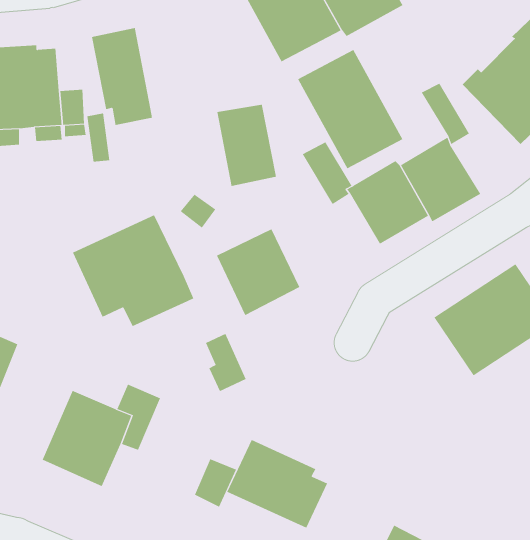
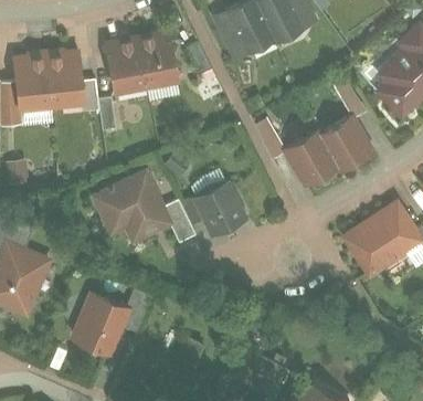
building: [297,49,403,169] -> none
building: [217,104,277,186] -> [134,31,176,88]
building: [205,333,246,392] -> [168,203,197,244]
building: [226,439,328,529] -> none

